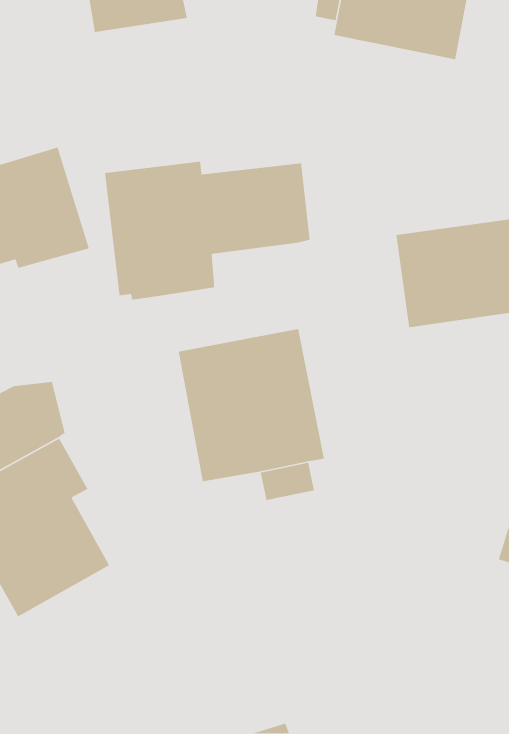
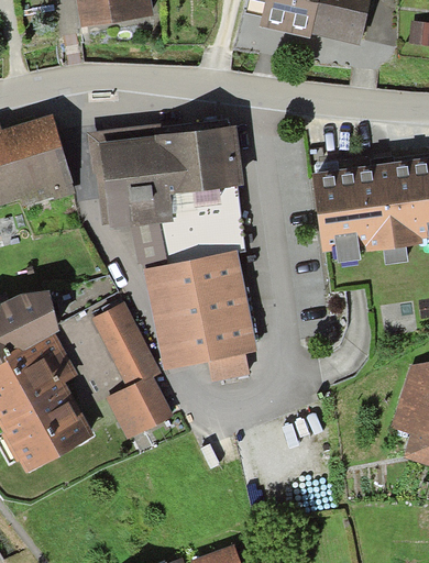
building: none -> [133,186,244,264]
building: none -> [92,299,177,442]

